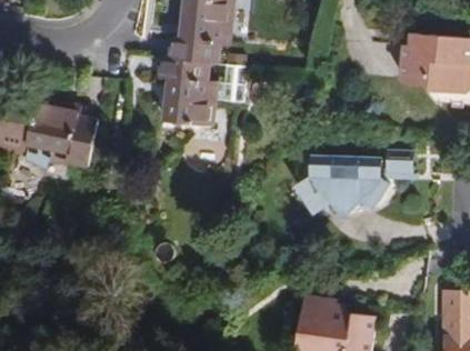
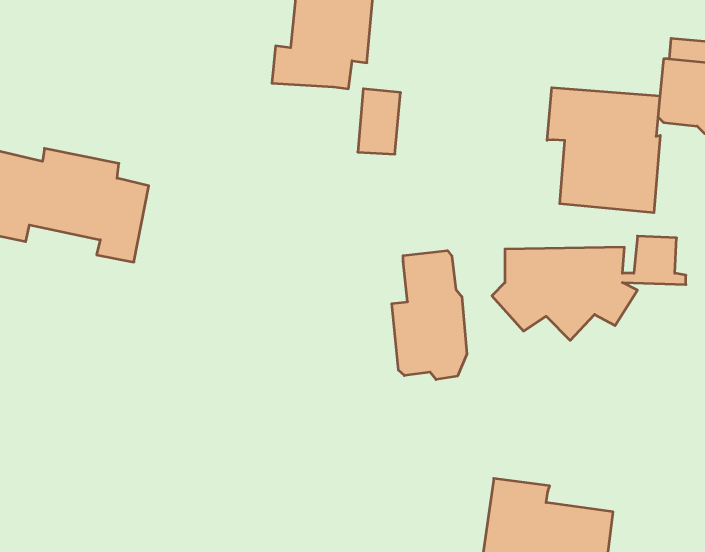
building: [160,59,216,128] -> none
building: none -> [547,88,660,213]
building: none -> [392,251,467,380]

